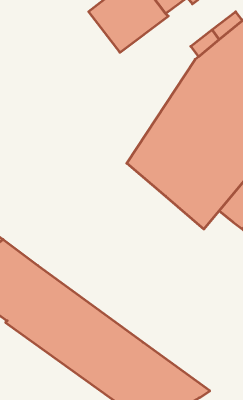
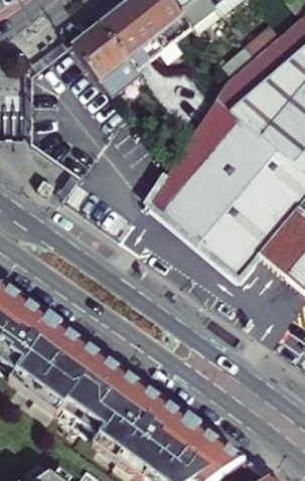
building: none -> [78,19,145,93]

